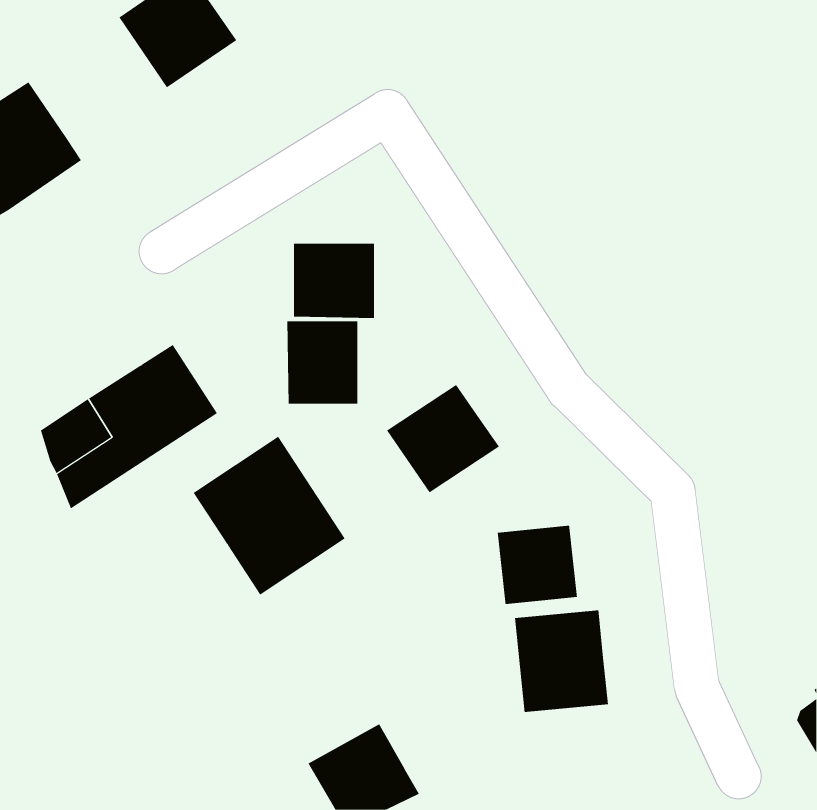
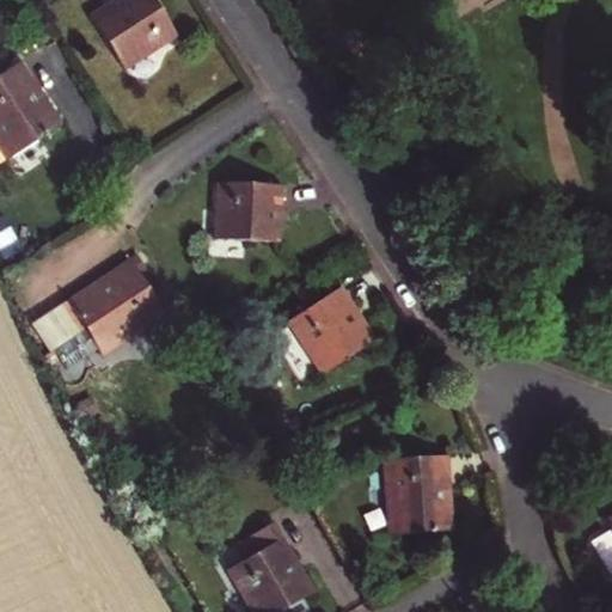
building: [287,320,358,405] -> none
building: [193,436,345,595] -> none
building: [497,525,577,605] -> none

